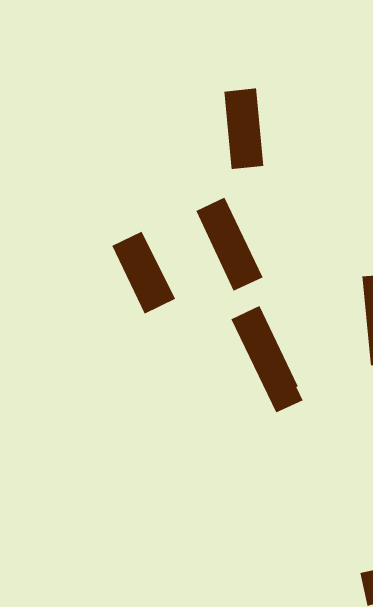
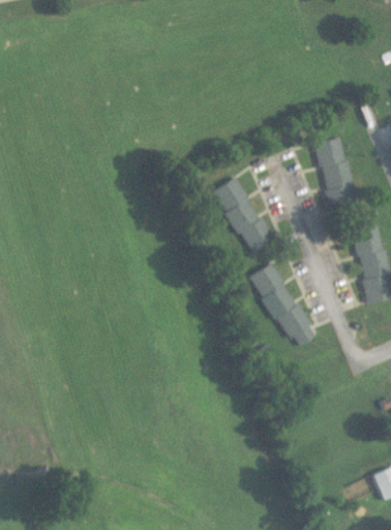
building: [224,88,264,169] -> [315,138,354,206]
building: [111,231,176,315] -> none

